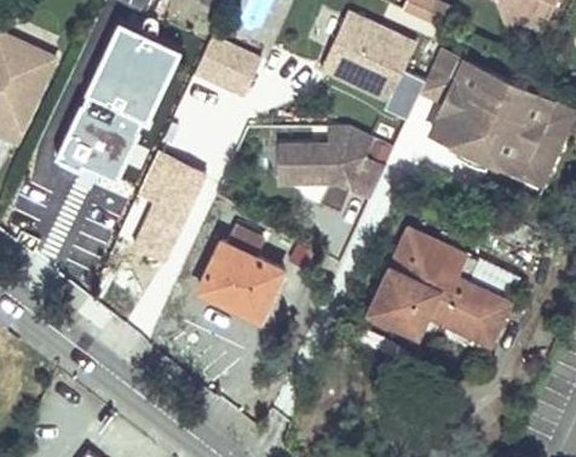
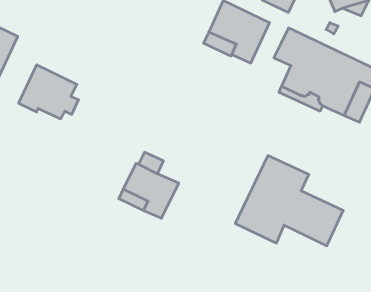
building: [82,30,177,130] -> none
building: [194,34,260,93] -> none
building: [276,124,385,200] -> none
building: [133,154,203,257] -> none

